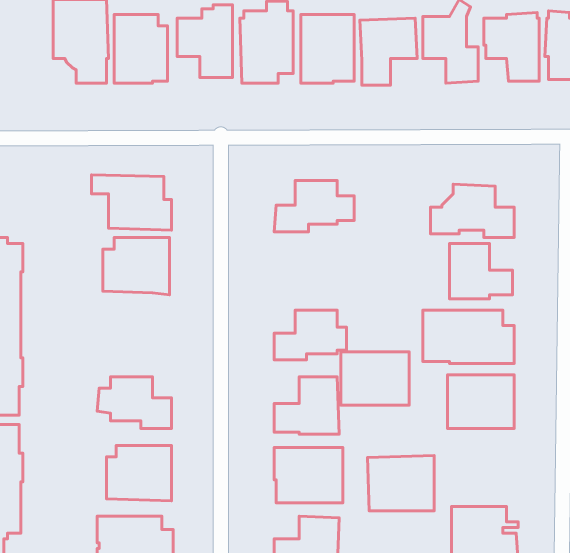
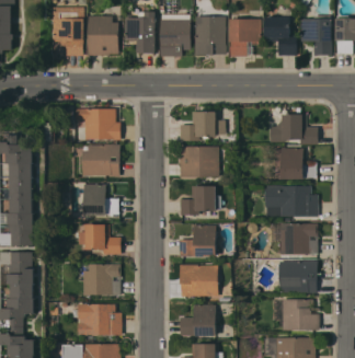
building: none -> [80,184,118,216]
building: [341,352,409,405] -> [180,147,219,177]
building: [367,455,434,511] -> [278,261,317,292]

